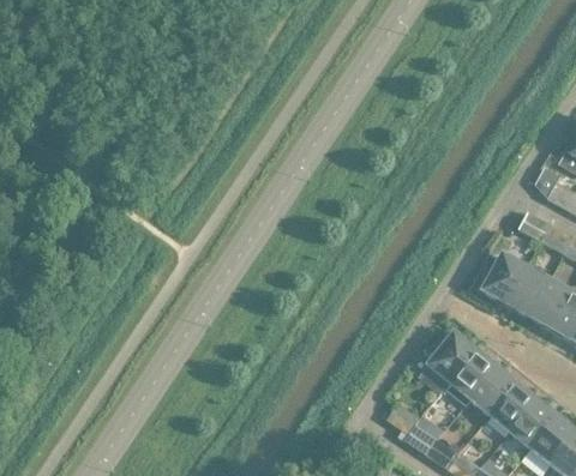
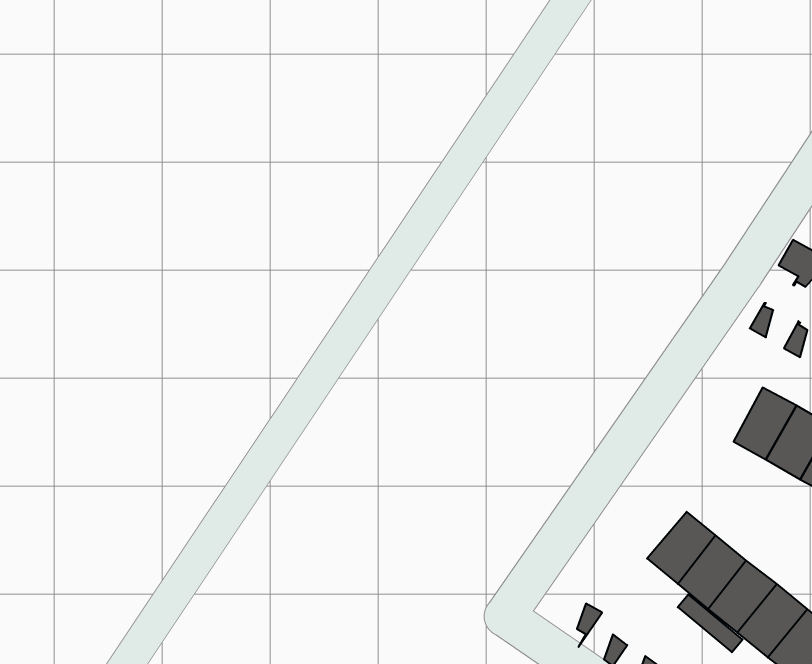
building: [480,255,529,305] -> none
building: [426,330,479,382] -> none

